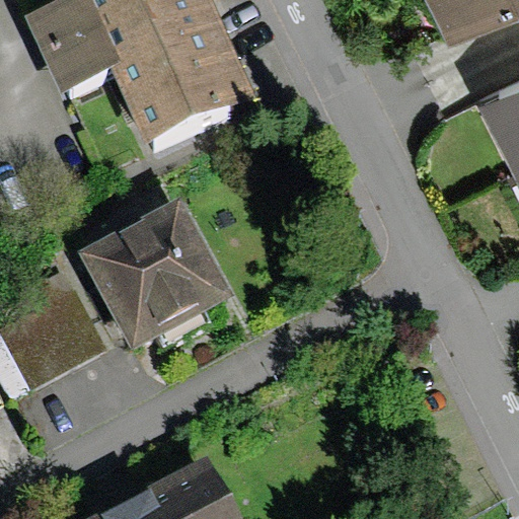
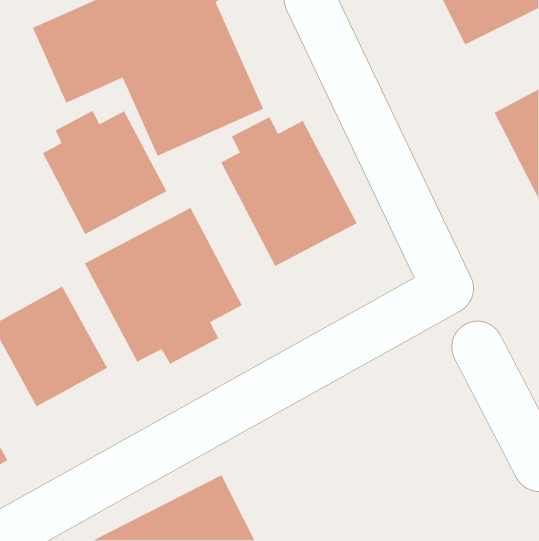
building: none -> [42,110,167,235]
building: none -> [220,116,358,267]

